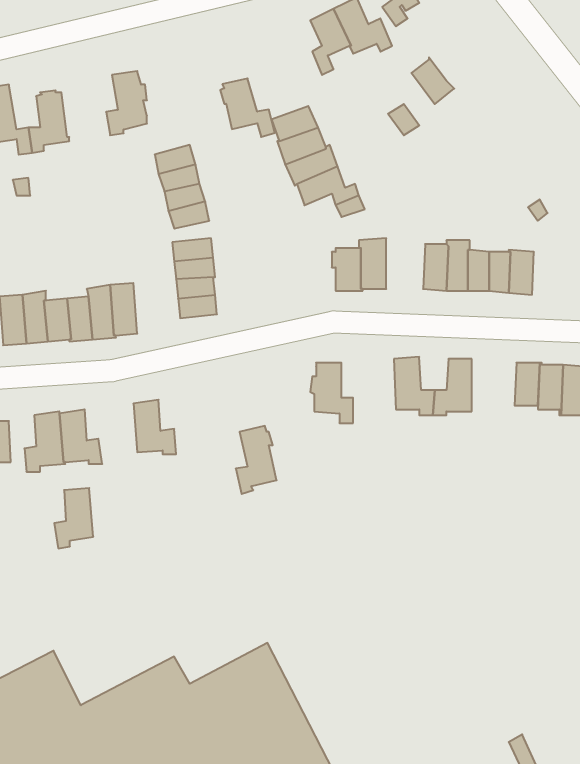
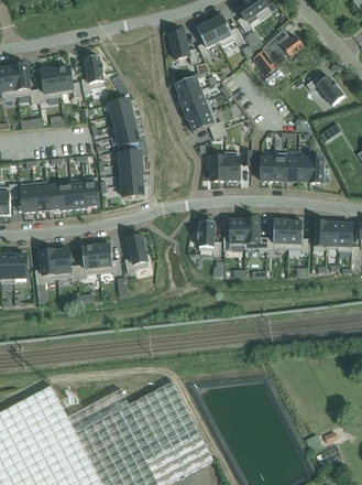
building: none -> [262,29,303,62]
building: [220,78,275,137] -> [167,31,198,64]
building: none -> [55,66,80,97]
building: none -> [306,76,343,105]
building: none -> [222,219,244,250]
building: none -> [287,219,308,252]
building: [236,426,277,494] -> [124,235,147,273]
building: [54,488,93,548] -> [76,245,98,279]

